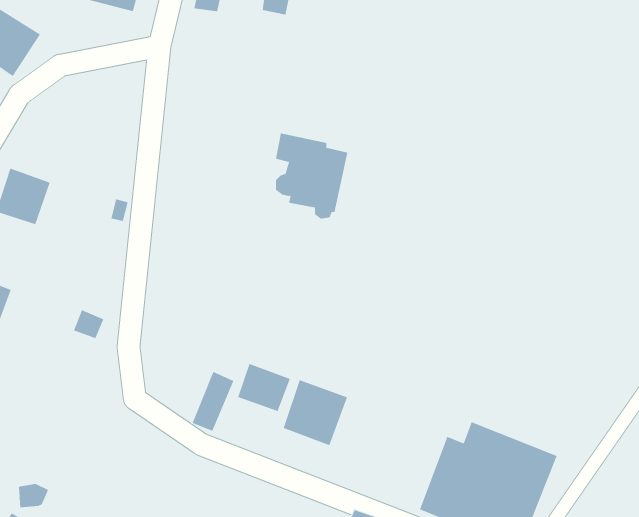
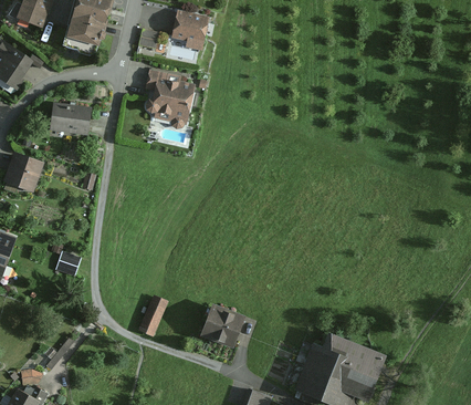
building: none -> [50,103,91,135]
building: [275,133,348,219] -> [145,70,195,128]
building: [238,363,291,412] -> none

